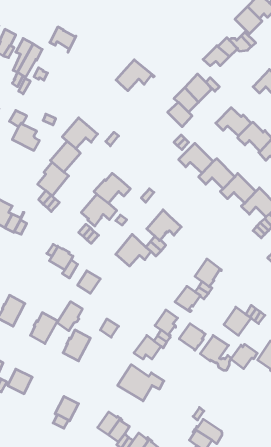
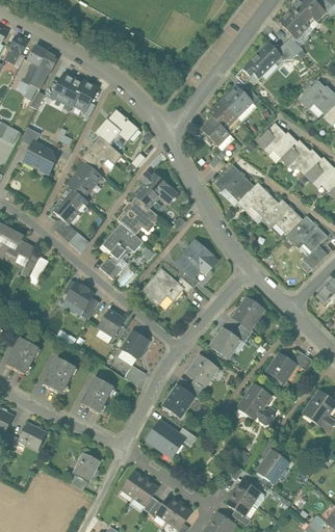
building: [50,27,76,52] -> [61,76,92,105]
building: [116,60,154,91] -> [95,108,138,143]
building: none -> [133,174,175,207]
building: [57,302,82,331] -> [118,331,147,365]
building: [179,324,205,350] -> none
building: [231,344,257,369] -> [258,451,288,479]

